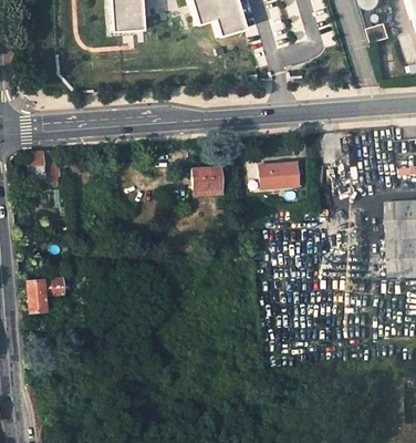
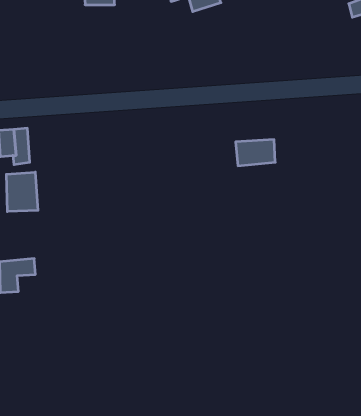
building: [191,167,226,192] -> none
building: none -> [6,172,38,212]

